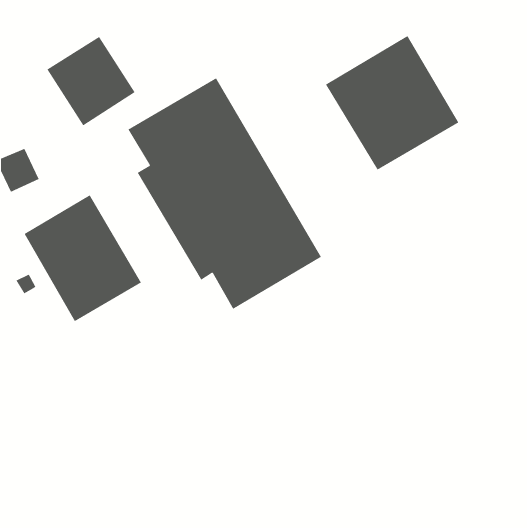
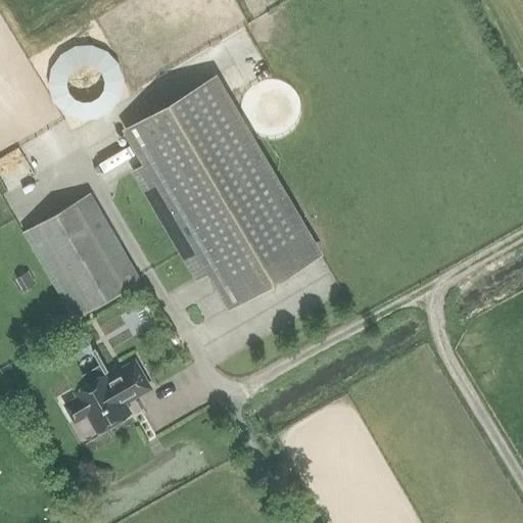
building: [325,35,459,171] -> none
building: none -> [67,363,152,432]

